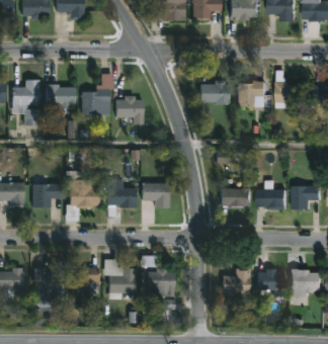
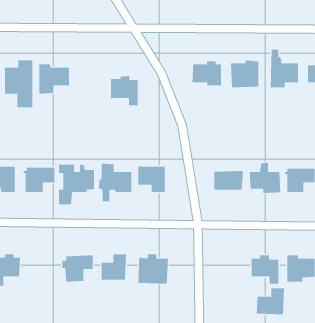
building: [84,89,112,116] -> none
building: [35,268,66,304] -> none
building: [219,268,247,294] -> [256,288,285,315]

